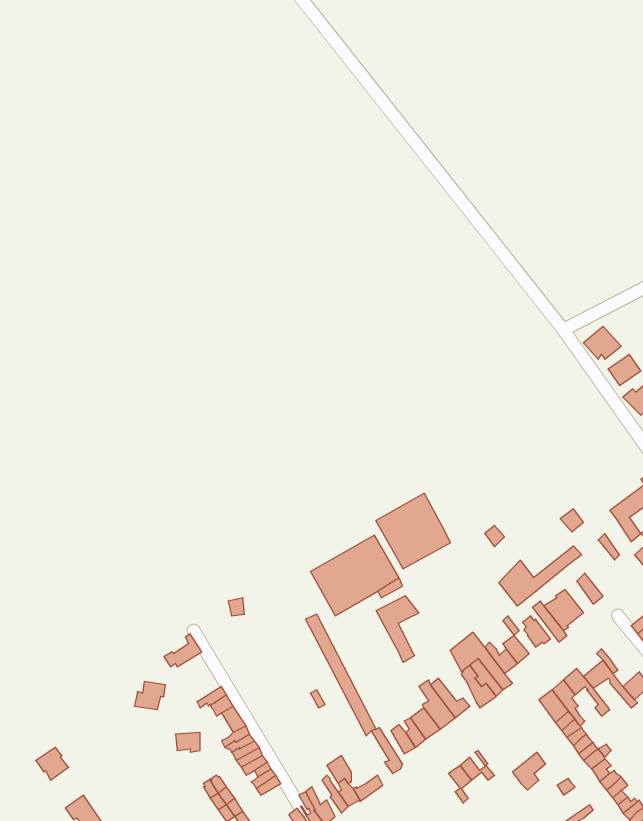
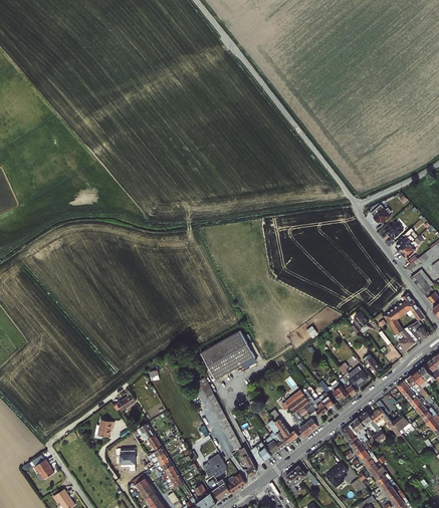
building: [376,493,450,569] -> none
building: [499,546,582,606] -> none
building: [376,596,419,662] -> none

